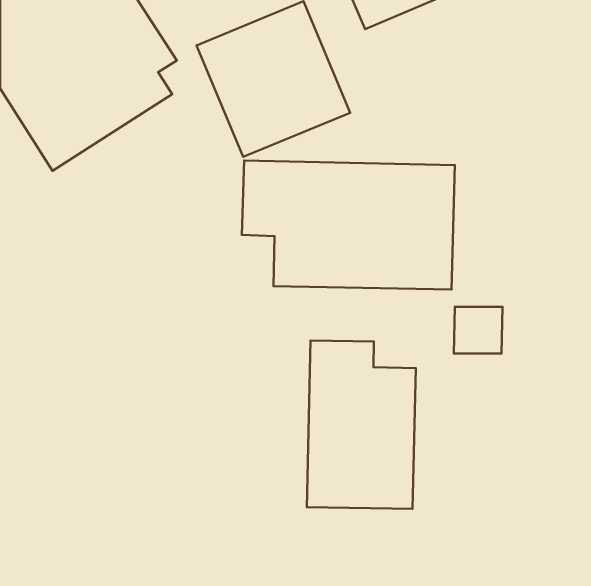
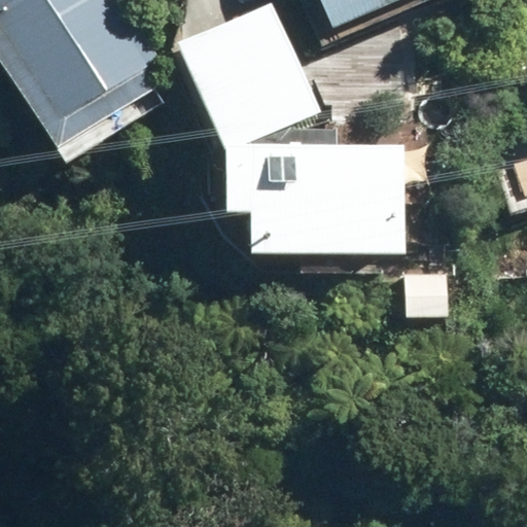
building: [307,341,416,509] -> none

